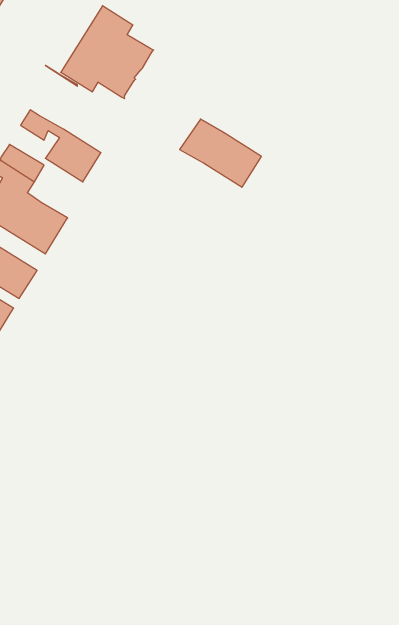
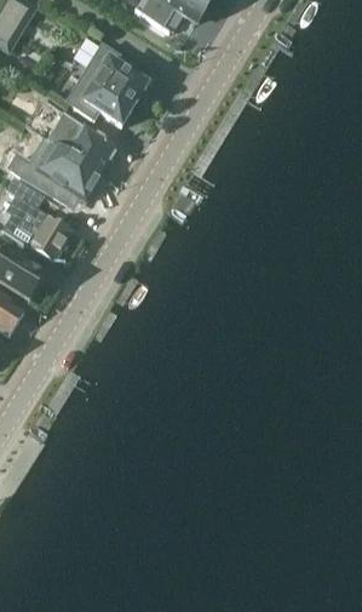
building: [180,119,261,187] -> [46,114,117,173]

